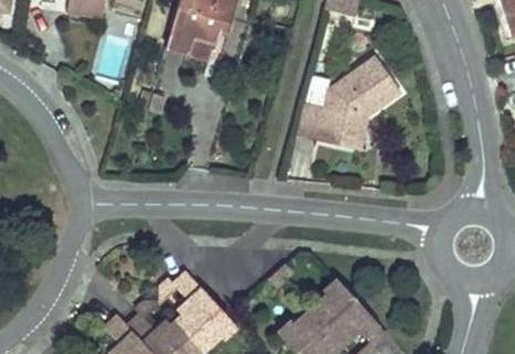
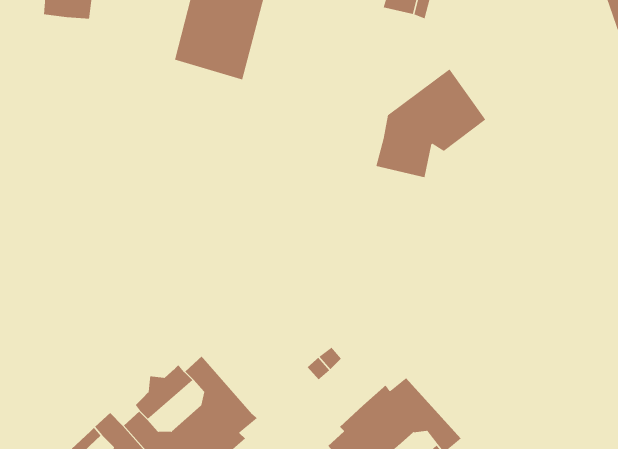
building: [297,102,370,149] -> none

